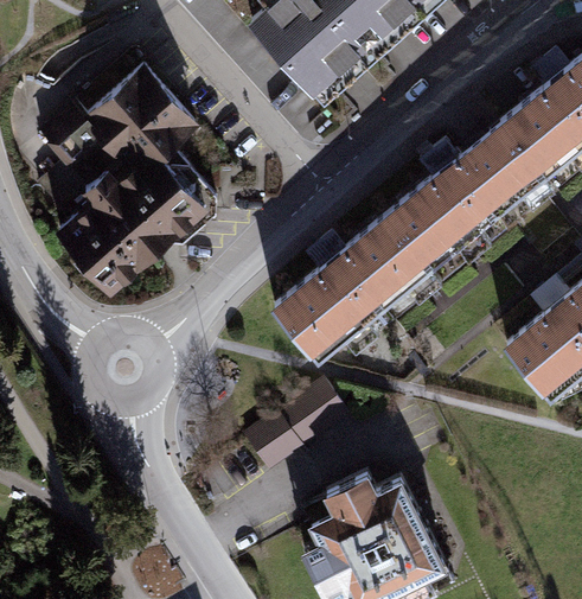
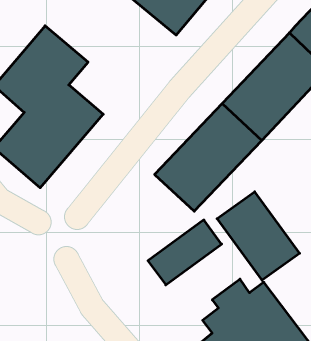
building: none -> [217,192,300,280]

